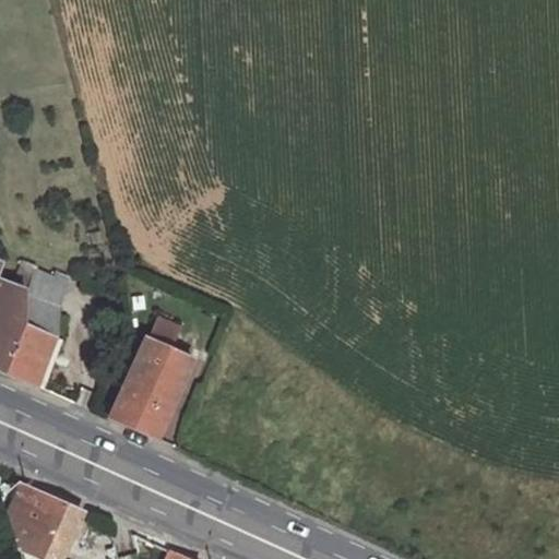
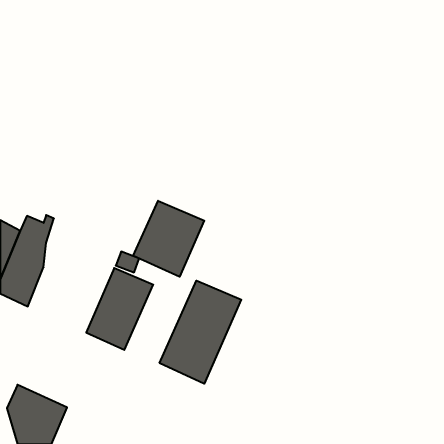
building: none -> [133,201,204,277]
building: none -> [160,281,241,384]

